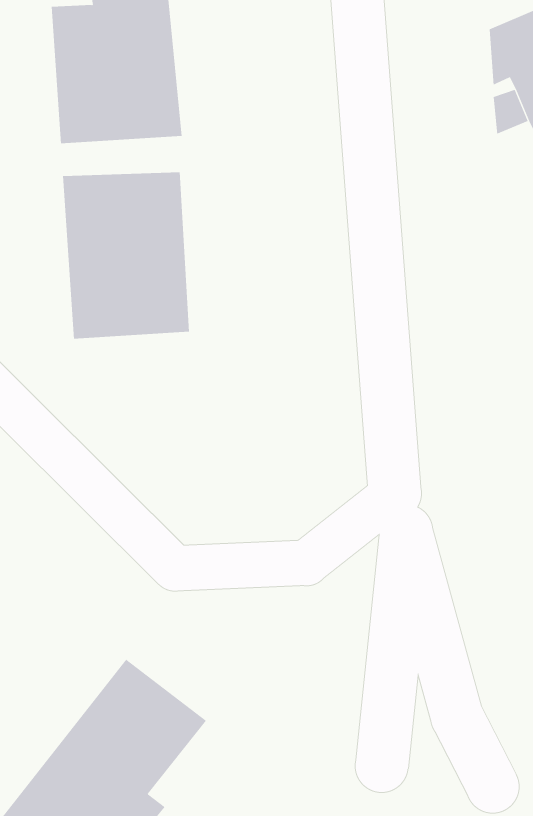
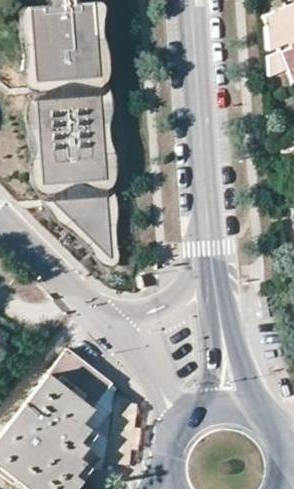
building: none -> [52,196,111,257]

